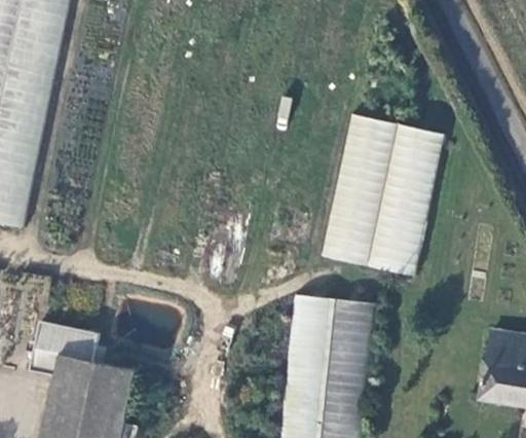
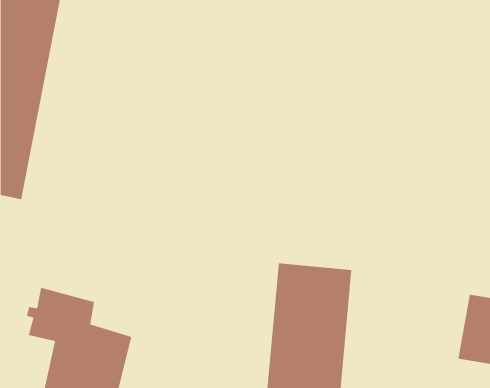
building: [321,113,444,276] -> none

